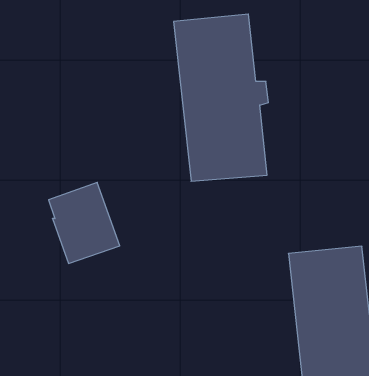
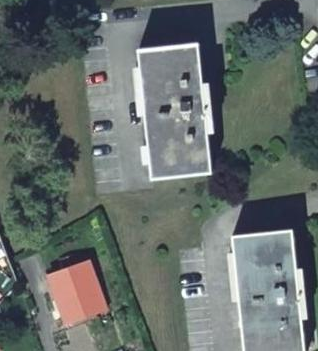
building: [49,182,120,263] -> [45,255,102,320]

